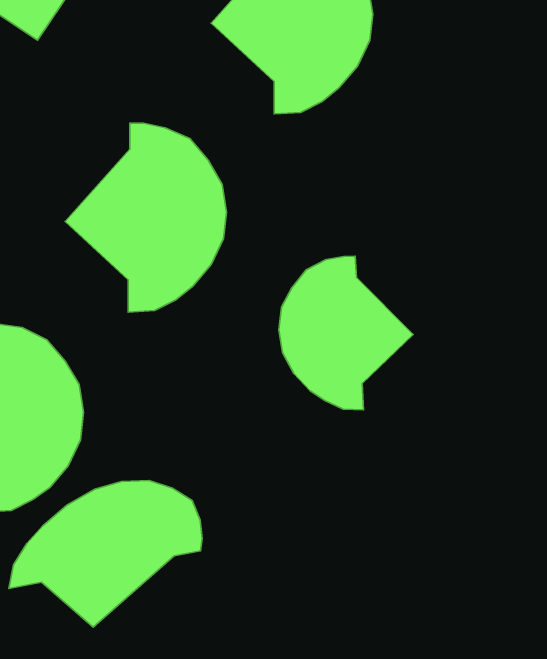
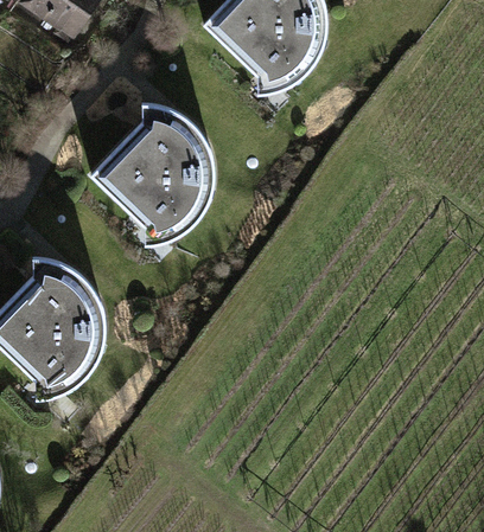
building: [279,256,413,410] -> none
building: [9,480,202,627] -> none

